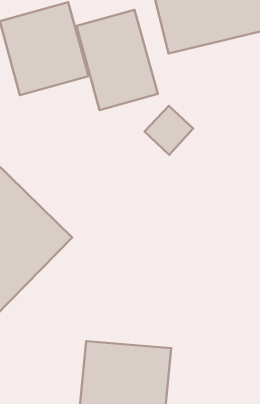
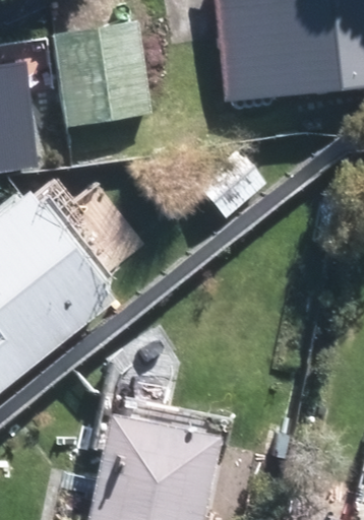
building: [76,10,158,110] -> none

